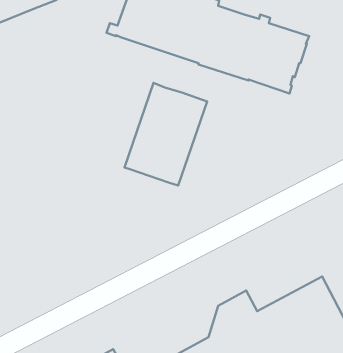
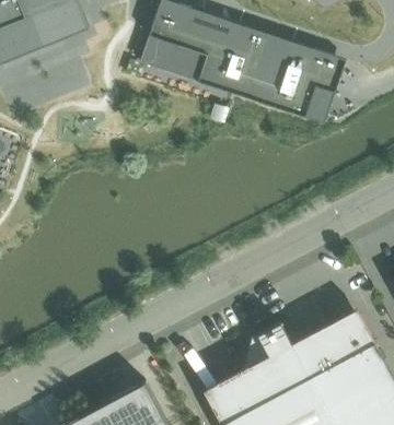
building: [125,83,207,185] -> none

